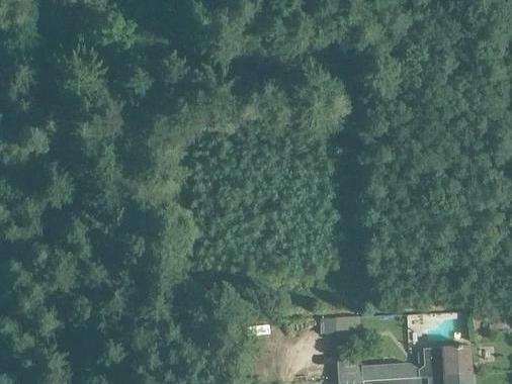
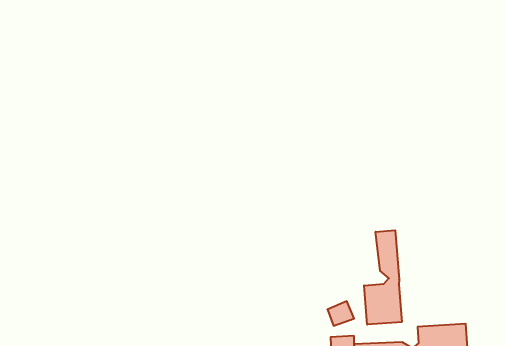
building: none -> [364,230,402,325]

